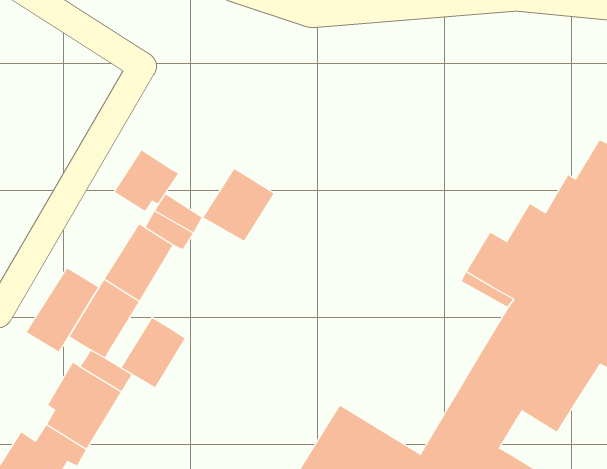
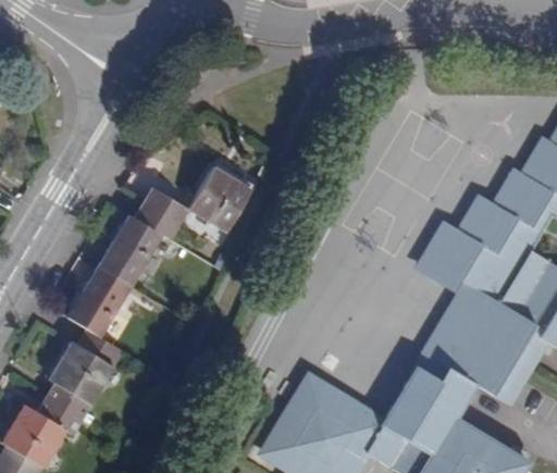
building: [114,149,179,212] -> none
building: [26,267,99,352] -> none
building: [121,317,186,388] -> none

